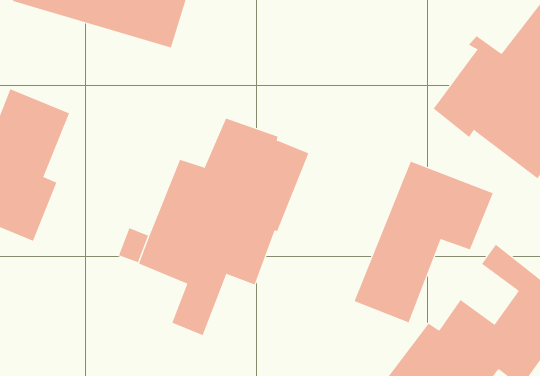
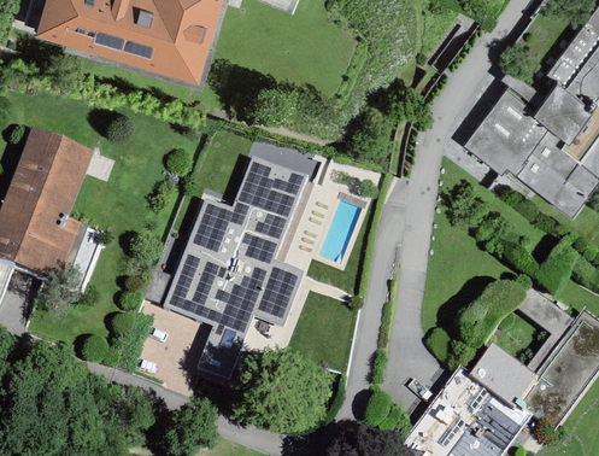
building: [354,161,494,323] -> none

